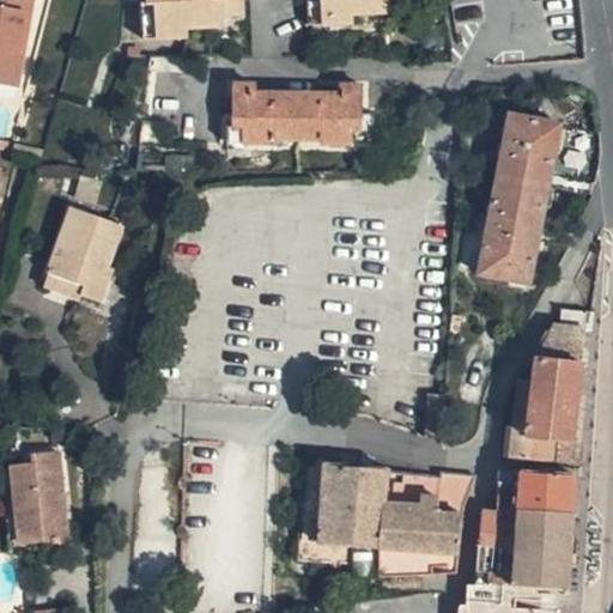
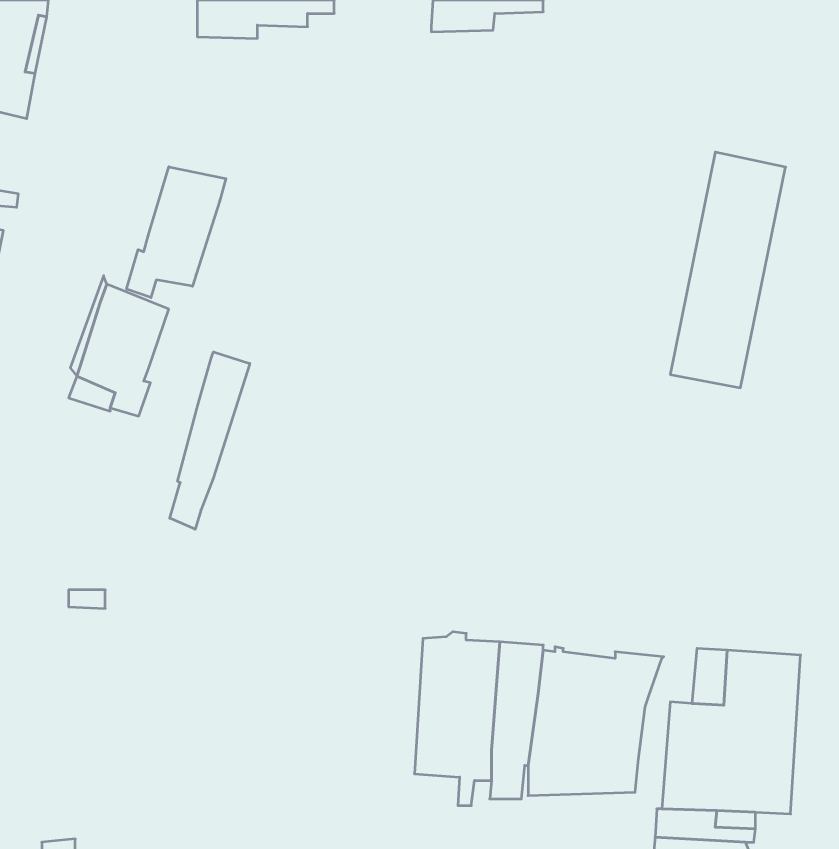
building: [219,85,376,145] -> none
building: none -> [127,167,226,298]
building: none -> [170,352,250,529]
building: [511,308,588,461] -> none
building: [7,448,60,538] -> none

